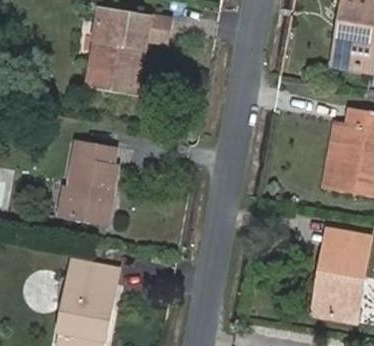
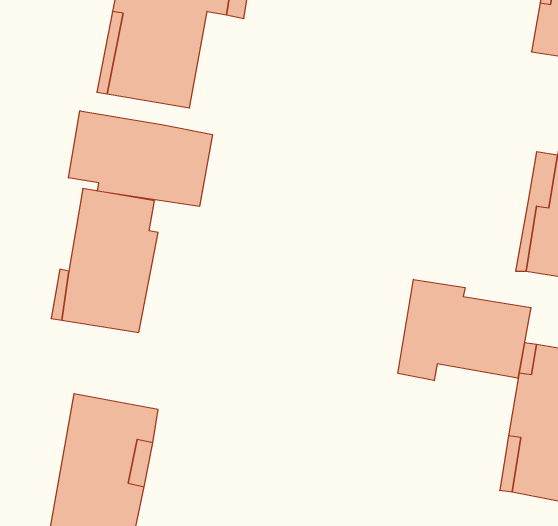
building: none -> [69,111,213,206]
building: none -> [398,279,531,381]

